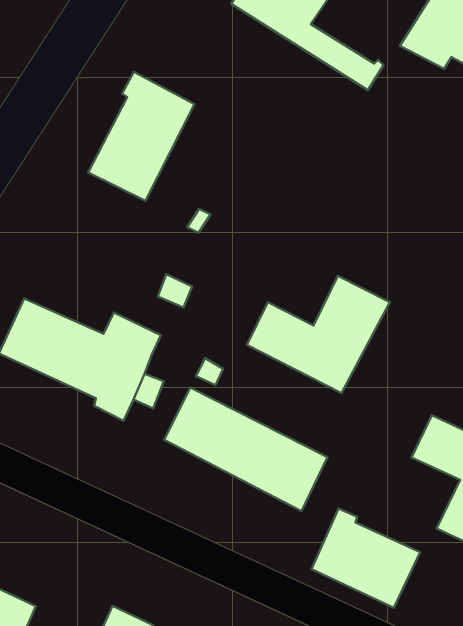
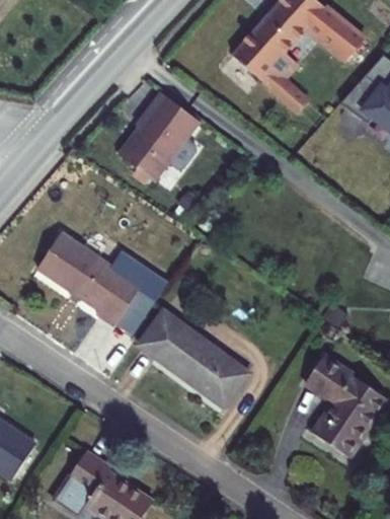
building: [247,276,390,393] -> none
building: [311,509,420,608] -> none

